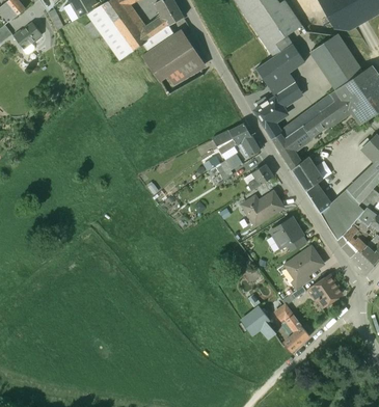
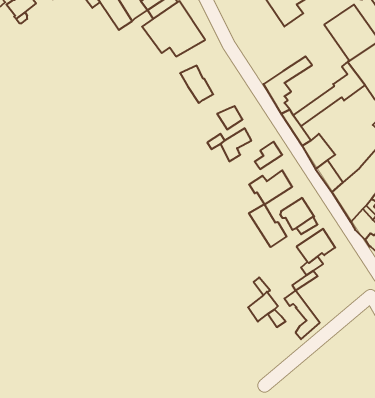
building: [259,44,308,98] -> none
building: [228,124,260,159] -> [180,66,213,103]
building: none -> [249,204,287,247]
building: [308,274,341,306] -> none

